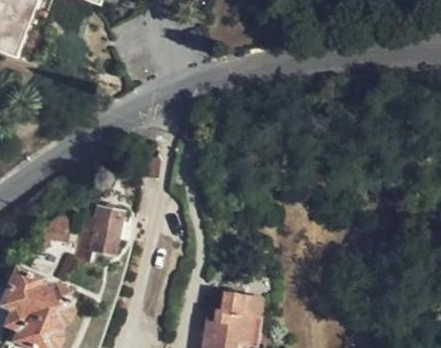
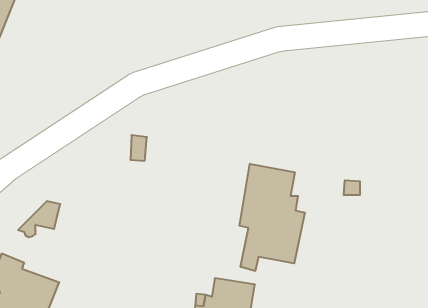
building: none -> [239,164,305,271]
building: [89,202,124,256] -> none

